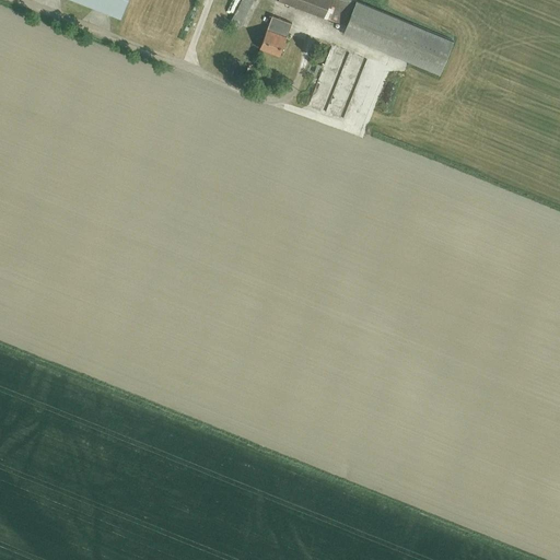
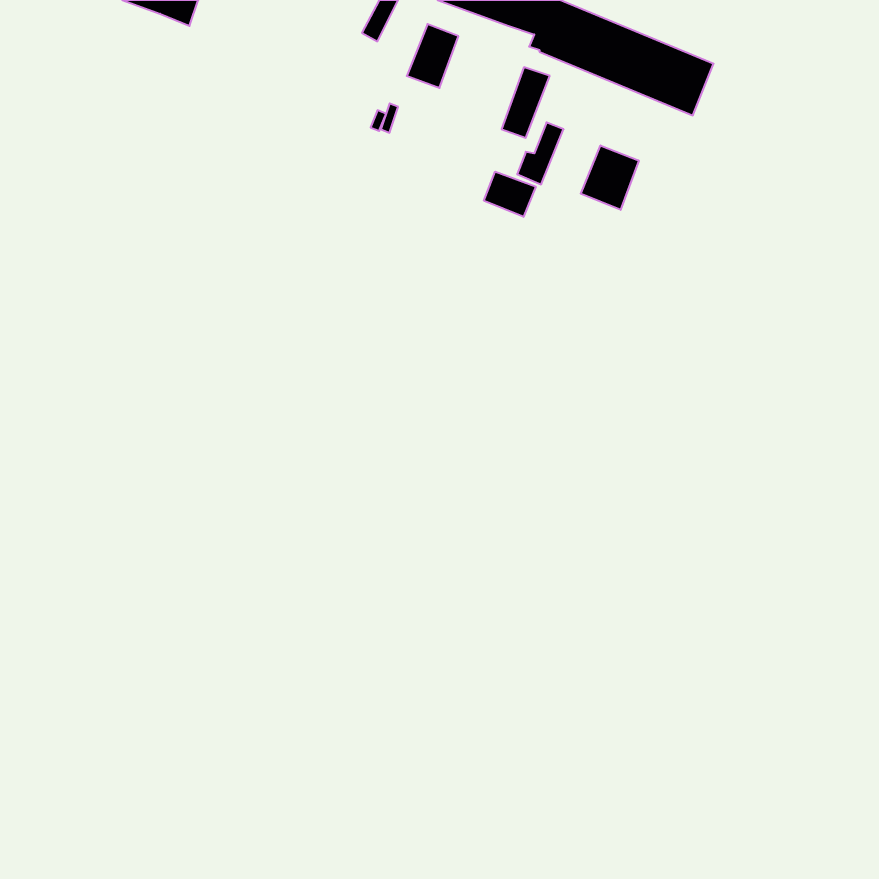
building: none -> [581,145,639,210]
building: none -> [484,172,536,217]

